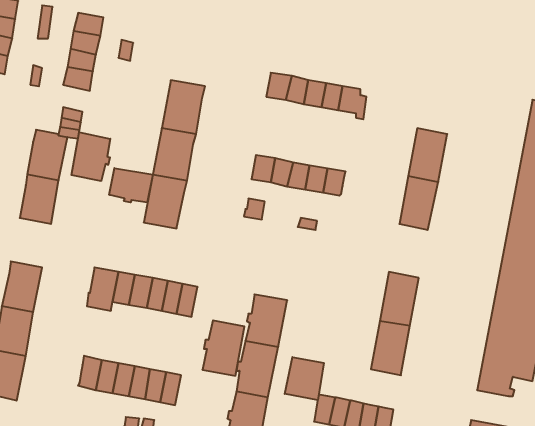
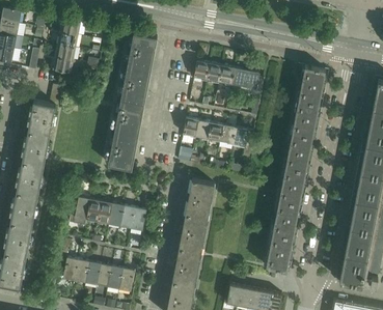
building: none -> [127,33,157,71]
building: none -> [295,64,325,104]
building: [71,132,110,181] -> none
building: [109,168,153,203] -> none
building: none -> [16,162,44,196]
building: none -> [278,166,305,203]
building: [202,320,244,376] -> [185,180,214,219]
building: [285,357,324,400] -> none

